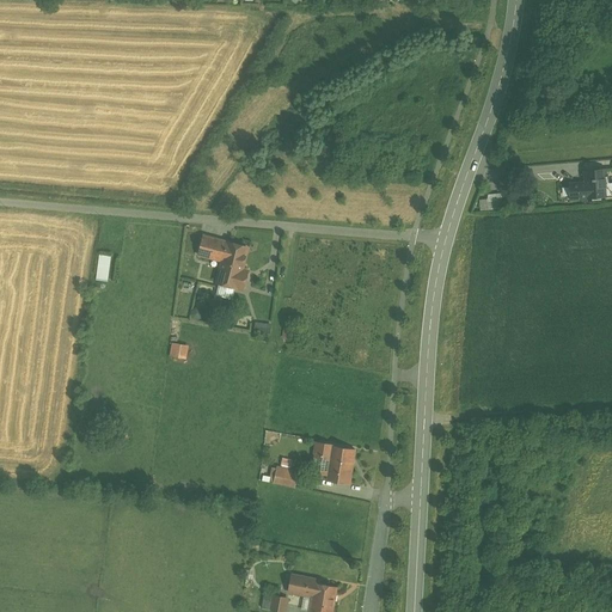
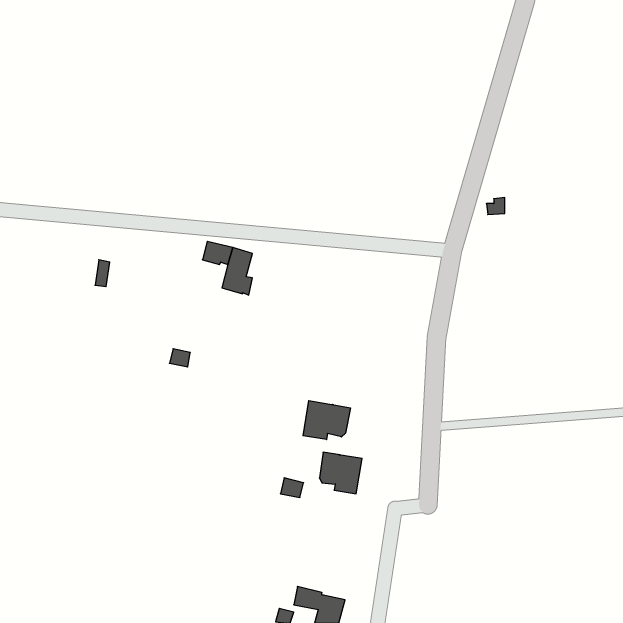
building: [586,170,606,198] -> none
building: none -> [303,401,350,440]

